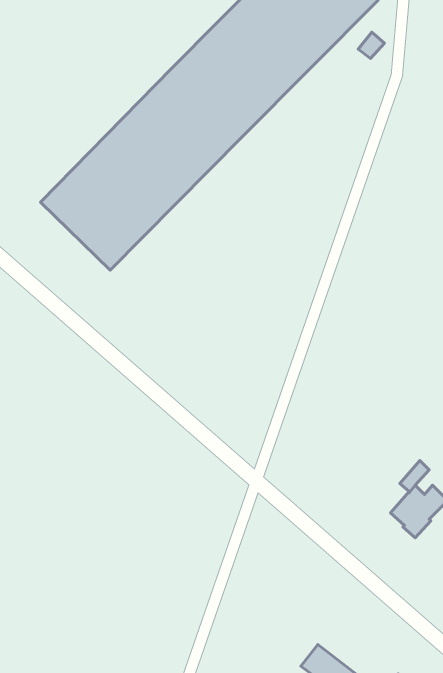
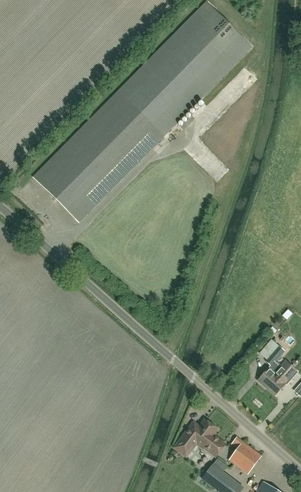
building: none -> [174,419,225,456]
building: none -> [228,436,261,473]

